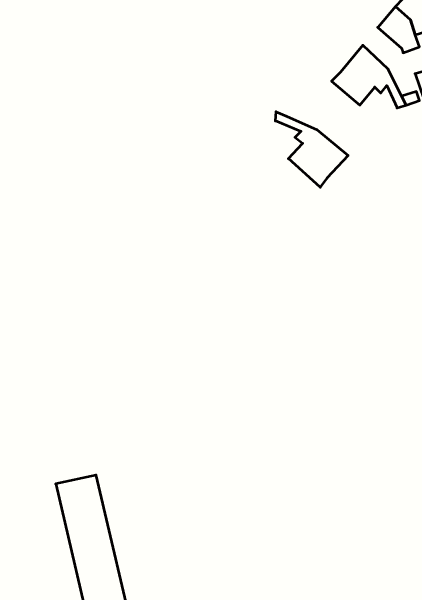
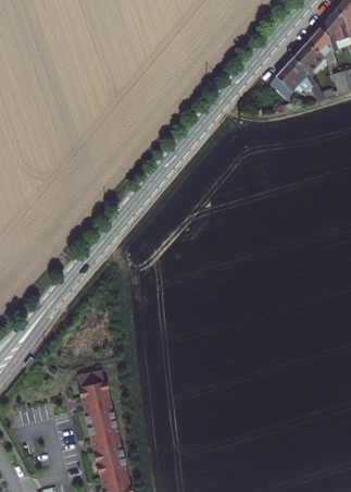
building: none -> [298,40,328,71]
building: [275,112,348,187] -> none

